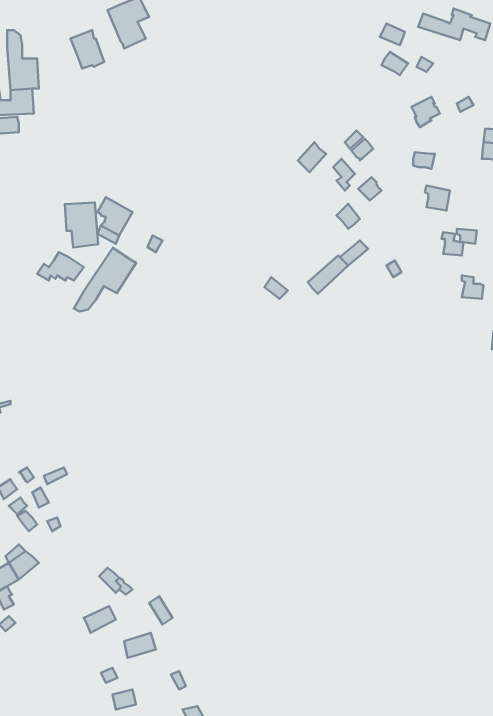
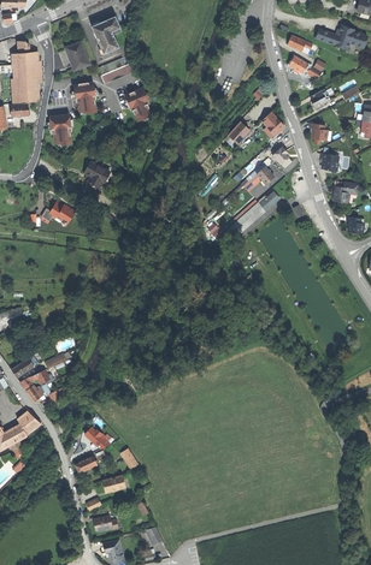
building: none -> [72,81,96,114]
building: none -> [124,87,149,121]
building: [65,202,98,248] -> [47,113,71,145]
building: [74,248,136,312] -> none

